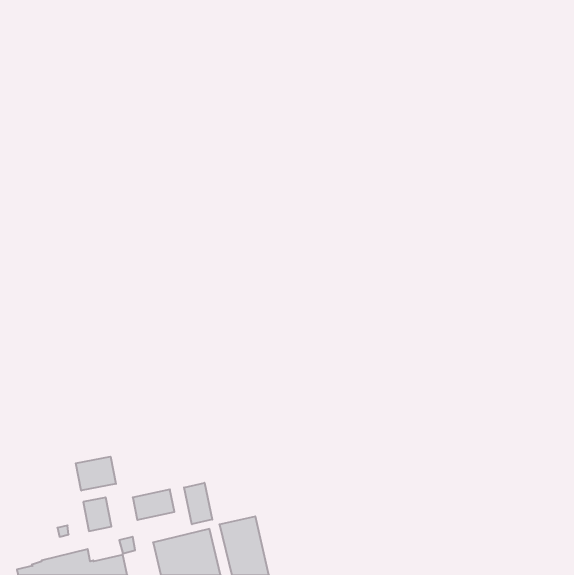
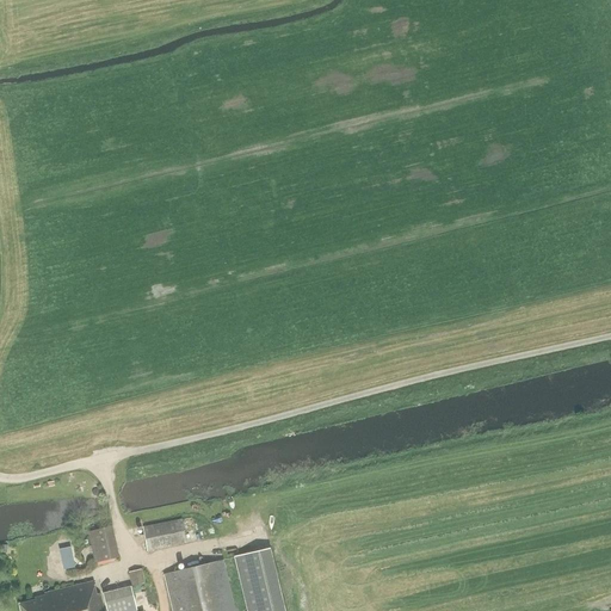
building: [76,457,116,491] -> none
building: [184,483,212,524] -> none

